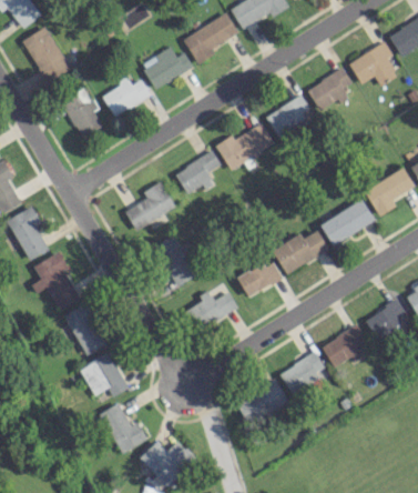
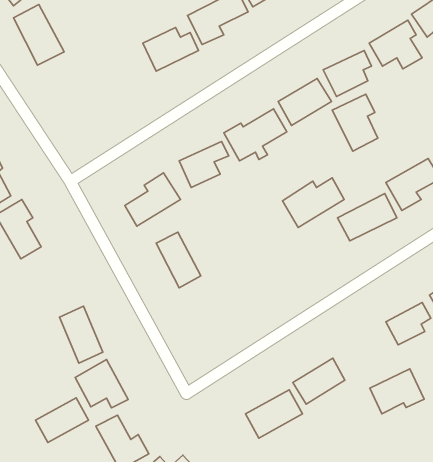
building: [101,79,151,115] -> none
building: [62,94,103,138] -> none
building: none -> [332,94,378,151]
building: [273,229,329,274] -> [283,178,344,227]
building: [32,251,79,309] -> none
building: [237,259,282,295] -> none
building: [186,290,238,331] -> none
building: [322,325,371,366] -> [370,369,424,414]
building: none -> [36,398,88,442]

